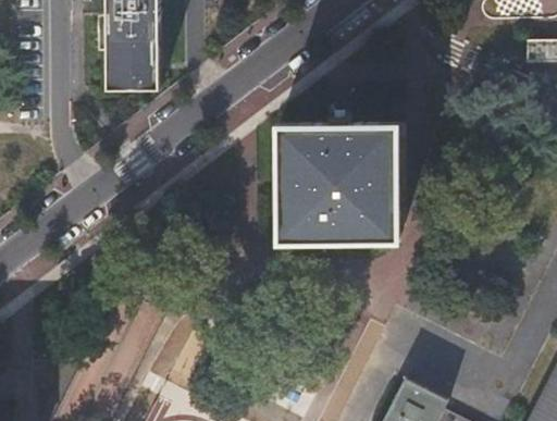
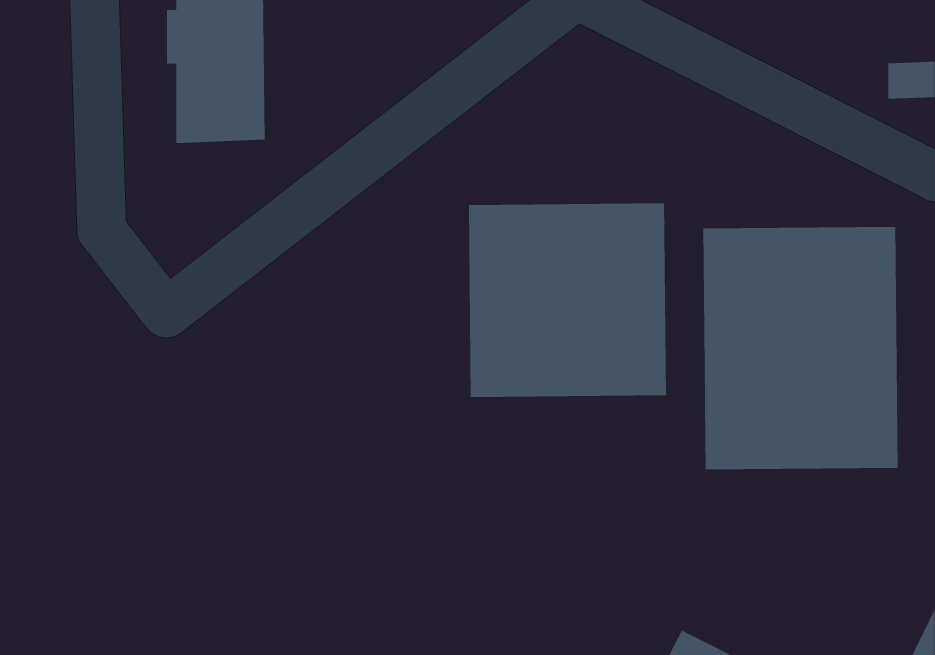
building: none -> [702,226,898,470]

